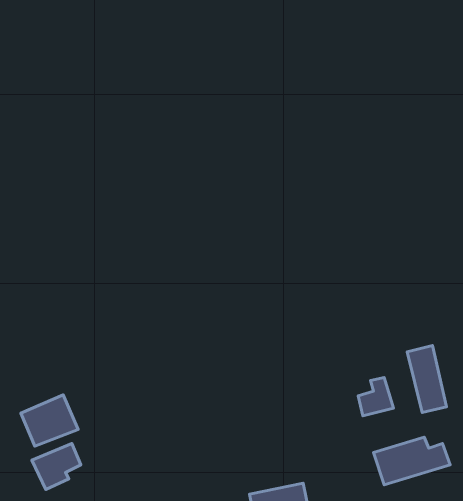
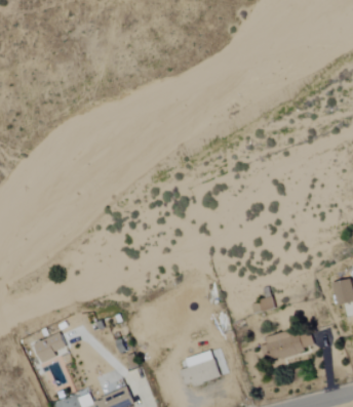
building: [407,345,446,412] -> none
building: [21,395,78,446] -> none

